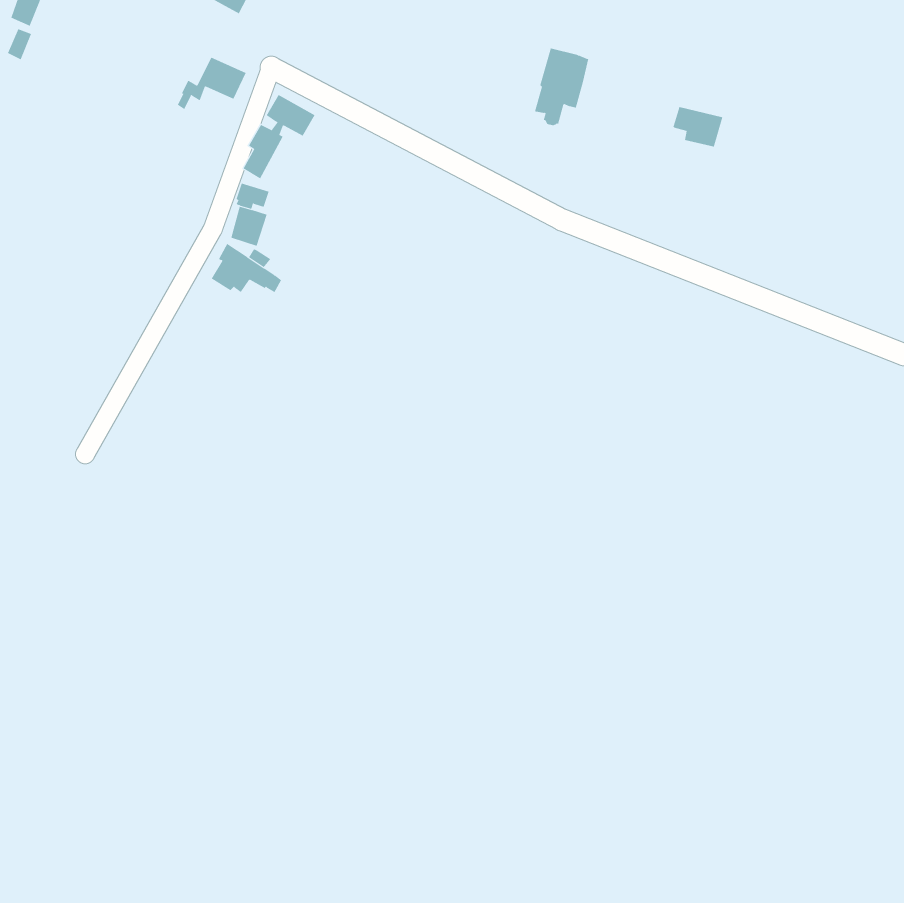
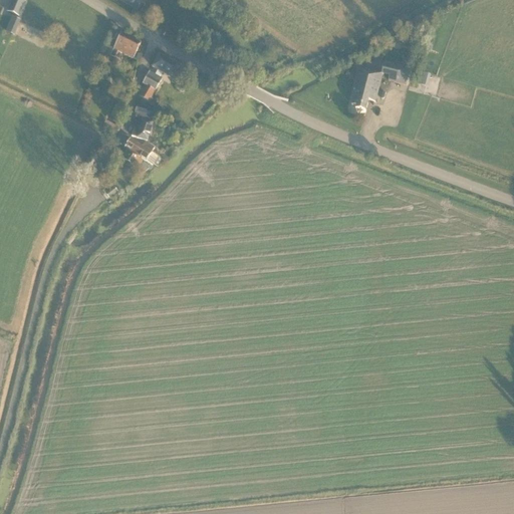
building: [534,48,589,126] -> [350,67,381,111]

